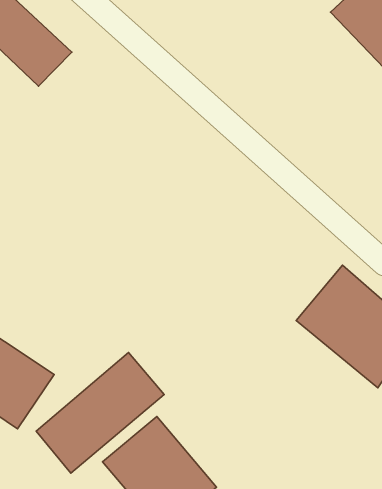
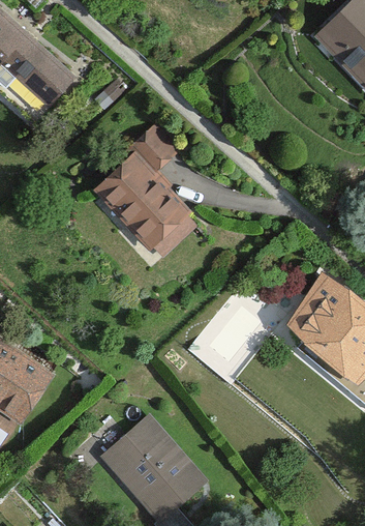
building: none -> [91,124,201,259]
building: [36,353,164,473] -> none

